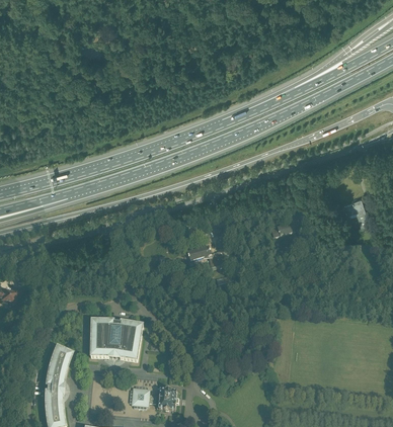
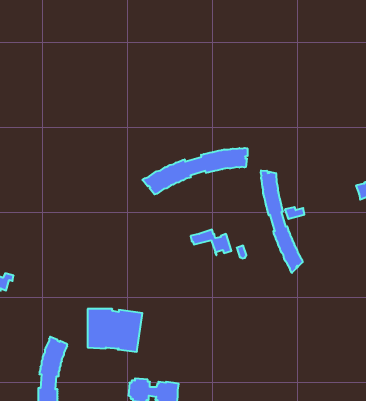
building: none -> [142,148,248,194]
building: none -> [261,170,303,273]

